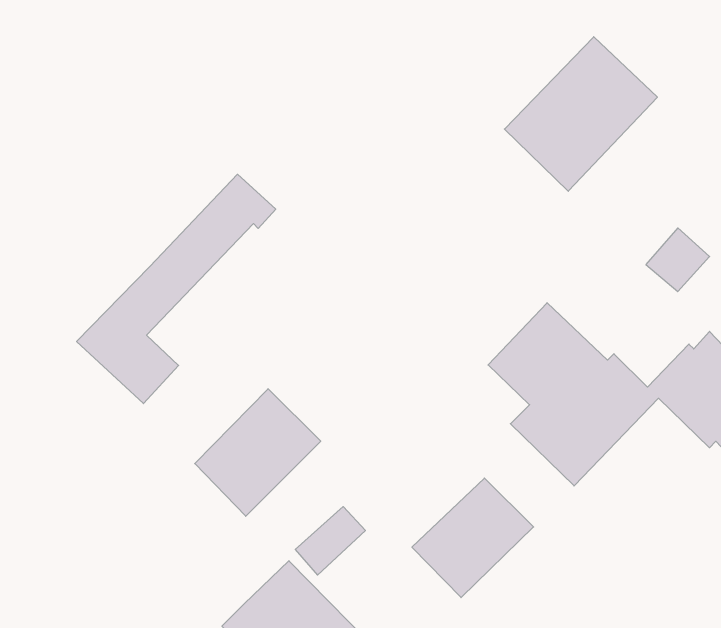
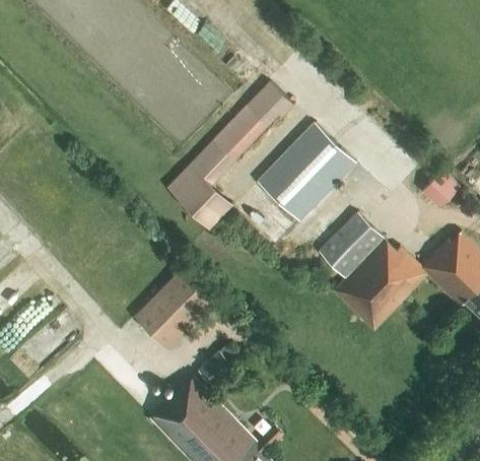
building: [504,37,657,191] -> [258,124,355,222]
building: [77,174,276,404] -> [166,82,293,228]
building: [412,478,534,598] -> none

